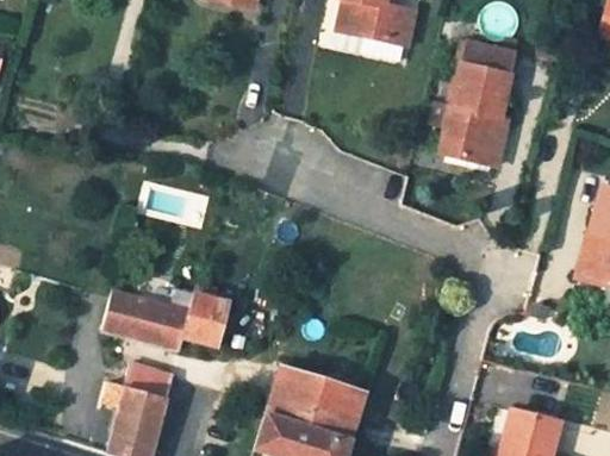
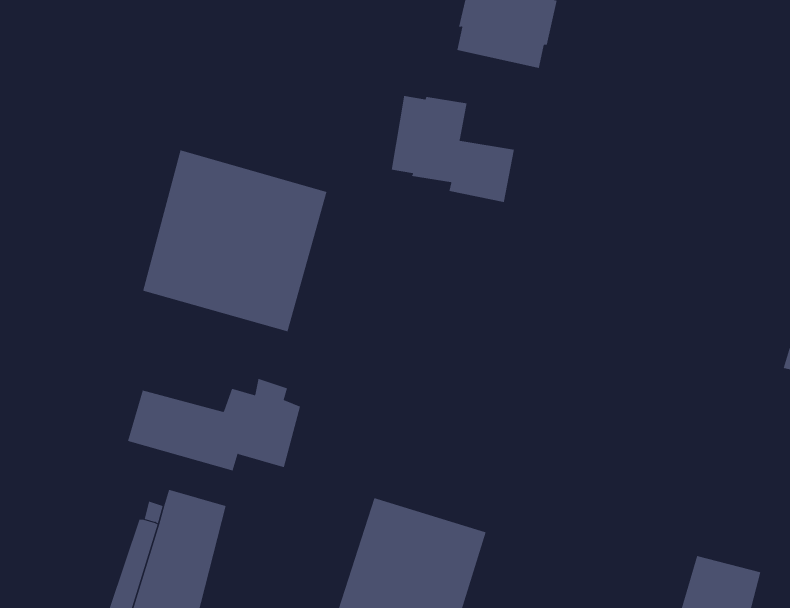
building: [441,42,515,164] -> none
building: none -> [391,95,515,203]
building: none -> [142,150,327,332]

